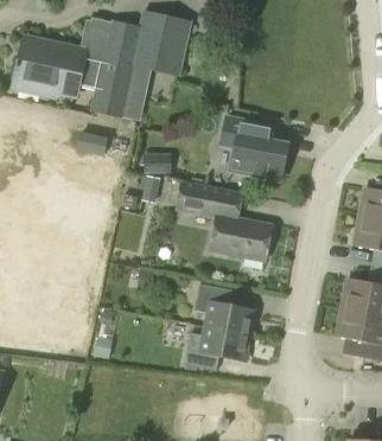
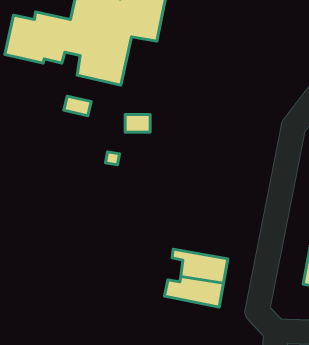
building: [221,116,287,180] -> none
building: [174,180,272,260] -> none

